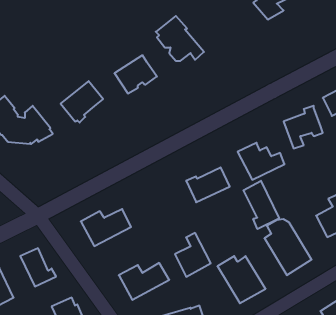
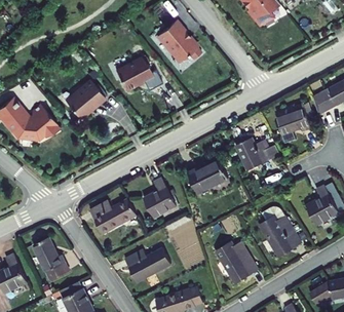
building: [243,181,279,229] -> none
building: [175,233,211,277] -> [143,179,176,219]

